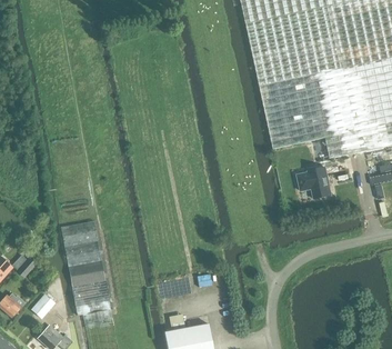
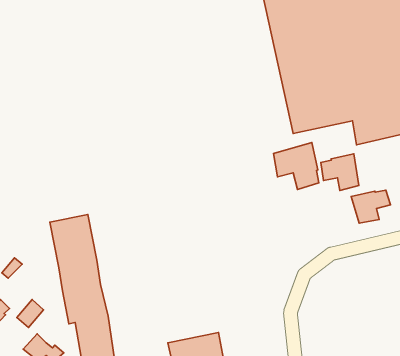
building: none -> [273,143,319,189]
building: none -> [351,190,391,223]

